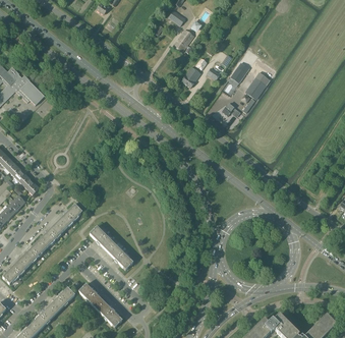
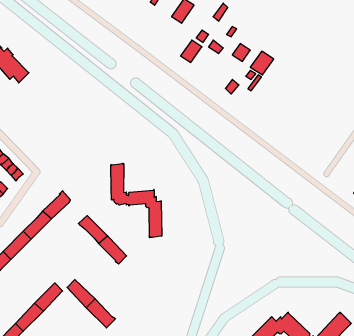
building: none -> [111,163,162,238]

